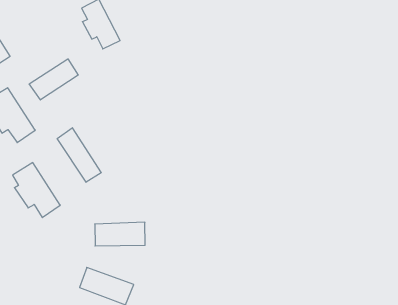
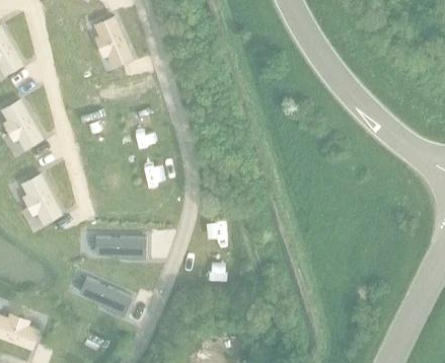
building: [29,59,78,100] -> none
building: [57,128,101,182] -> none

